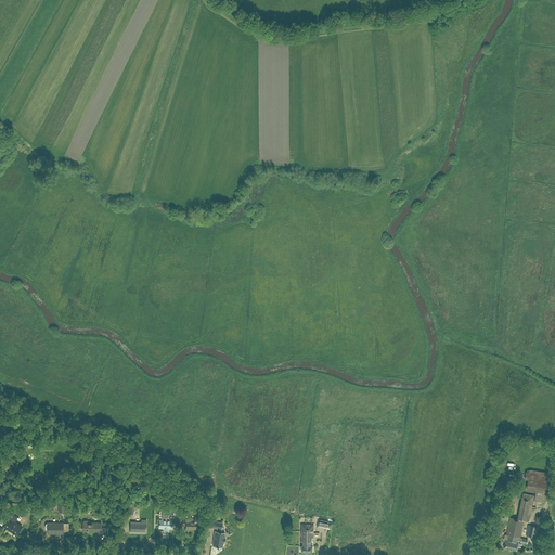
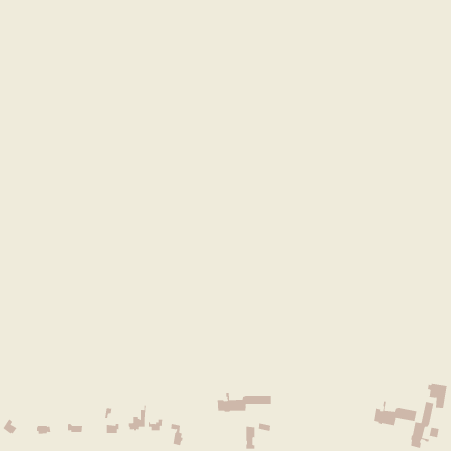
building: none -> [217,392,271,412]
building: none -> [373,401,417,426]

